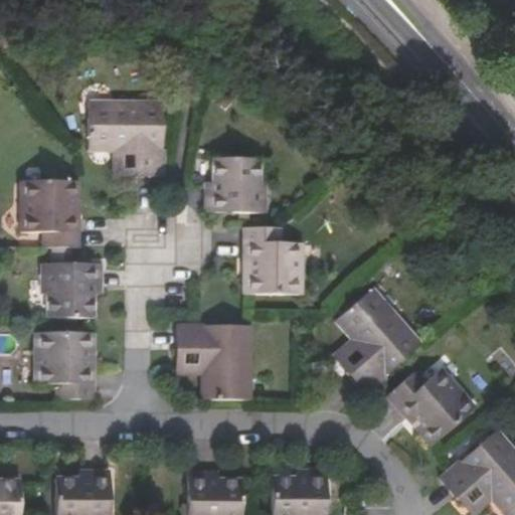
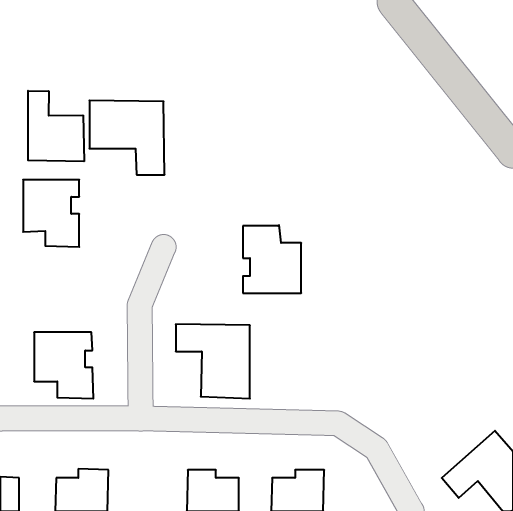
building: none -> [28,91,84,161]
building: [205,158,264,212] -> none
building: [43,264,101,318] -> none
building: [336,290,419,393] -> none
building: [388,369,475,446] -> none

